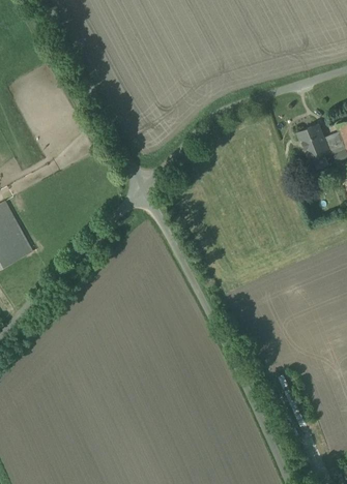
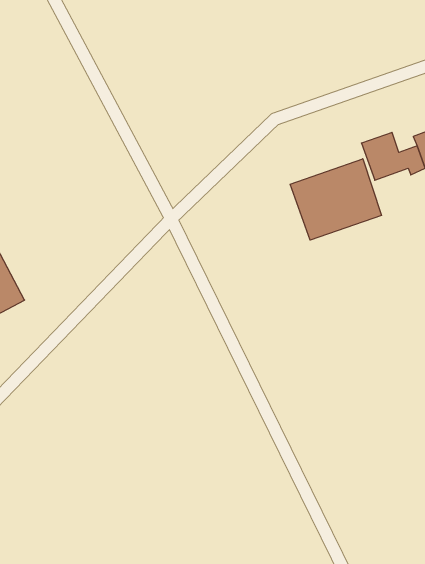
building: none -> [290,159,382,240]

